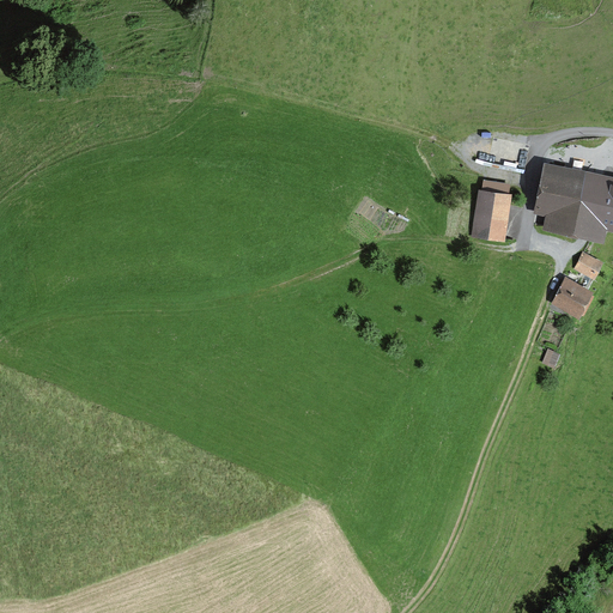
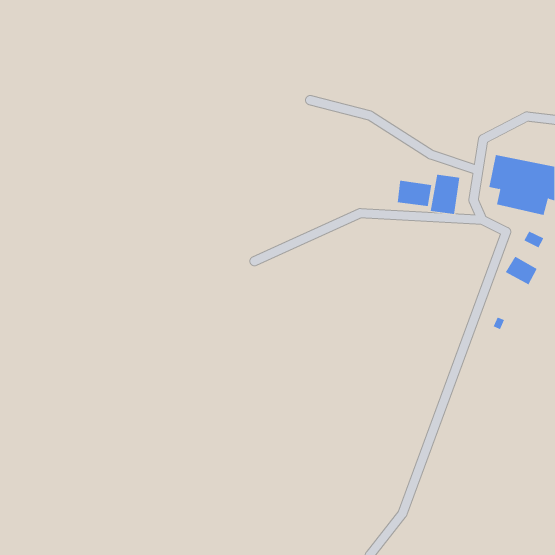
building: none -> [397,180,432,207]

